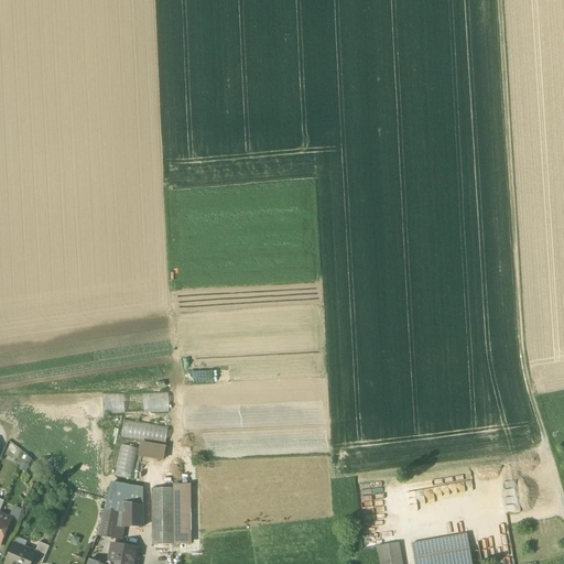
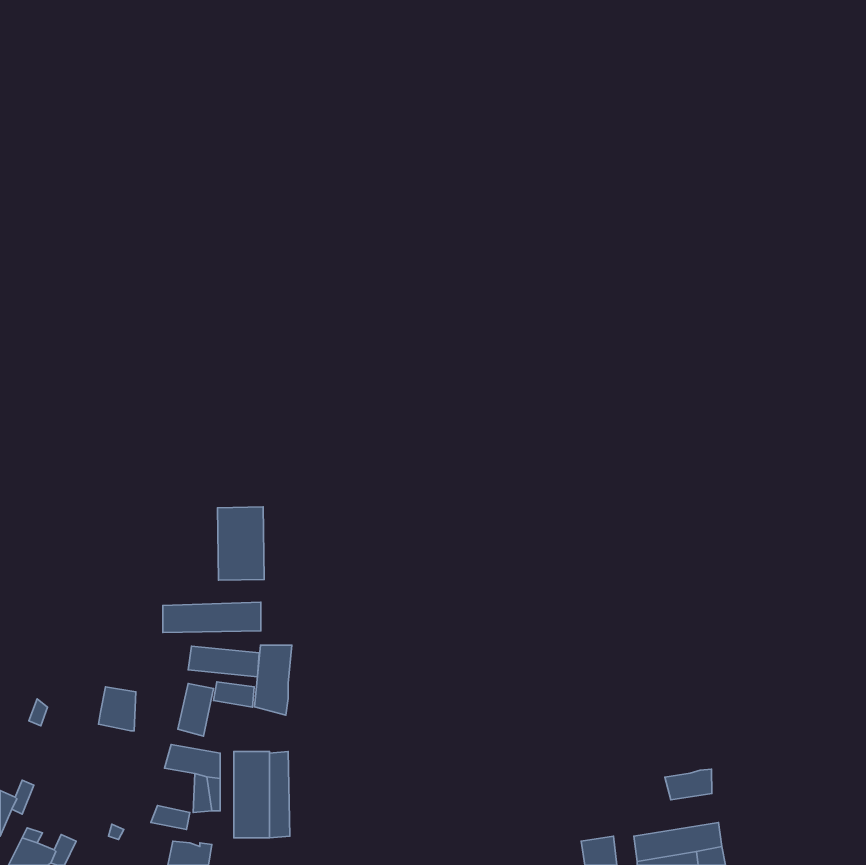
building: none -> [217,507,264,580]
building: none -> [255,645,292,715]
building: [102,499,127,528] -> [99,687,136,731]
building: none -> [665,769,712,800]

